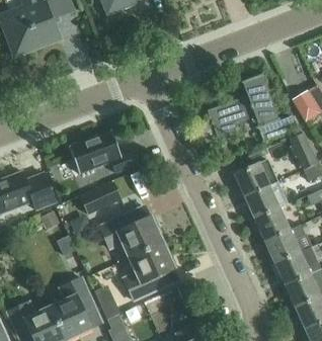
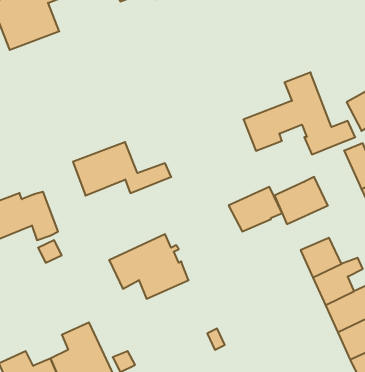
building: [79,182,120,215] -> none
building: [243,182,287,219] -> [229,187,282,232]
building: [123,243,177,302] -> none

